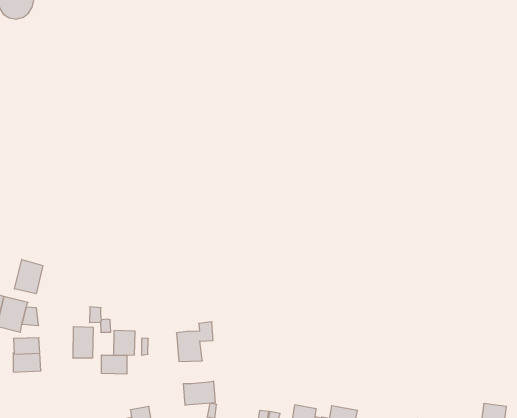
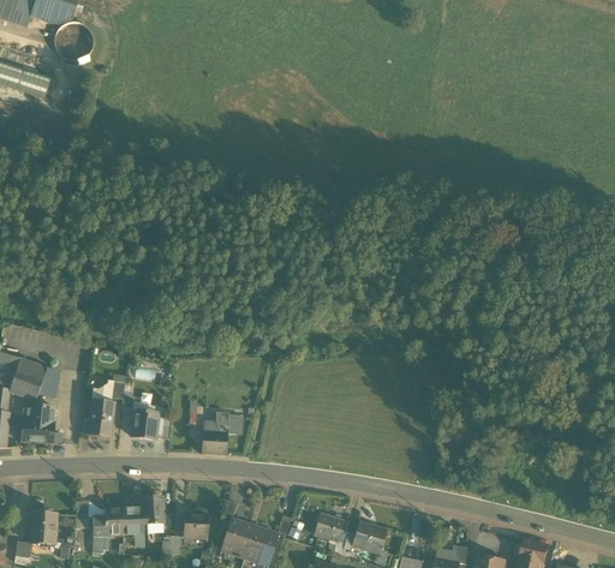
building: [14,259,43,294] -> none
building: [101,355,127,374] -> none
building: [183,381,215,405] -> none

